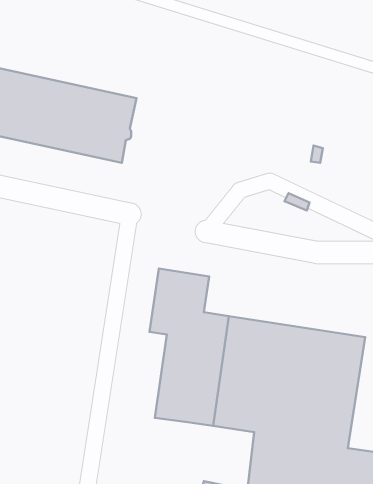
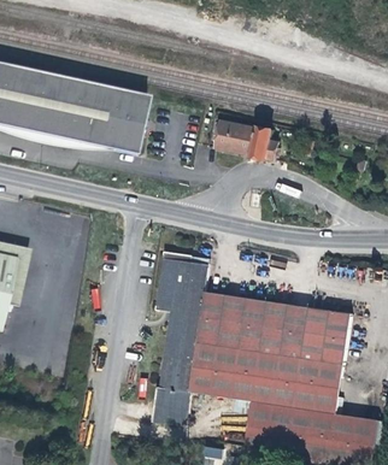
building: none -> [219,119,281,158]
building: none -> [154,385,190,420]

